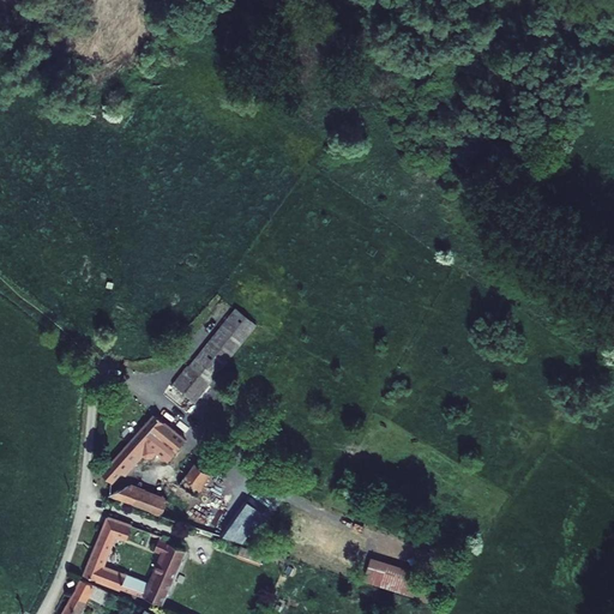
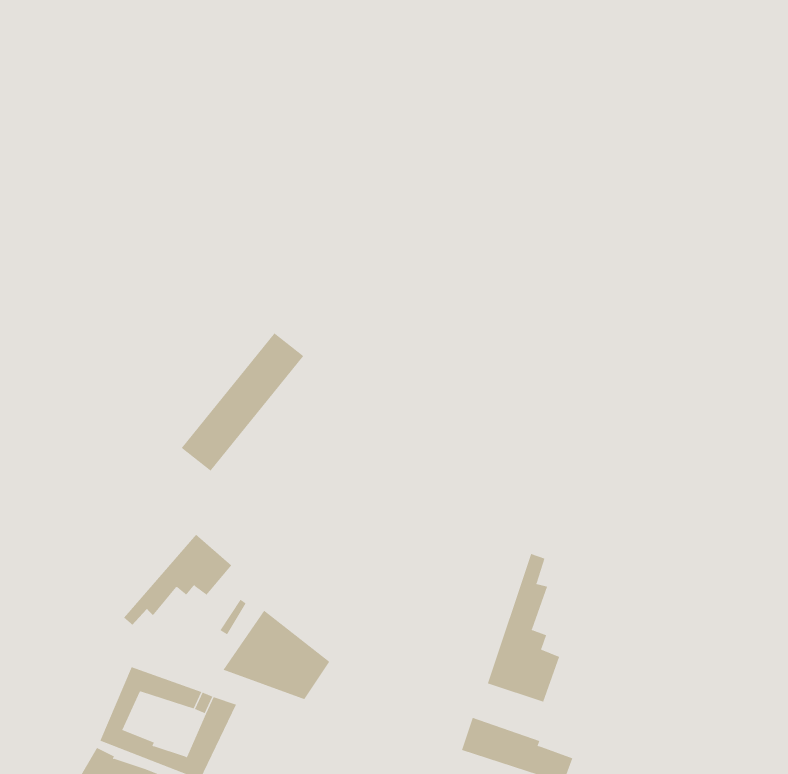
building: [159,307,253,413] -> [181,332,304,471]
building: none -> [487,553,560,703]
building: [109,486,167,517] -> none

